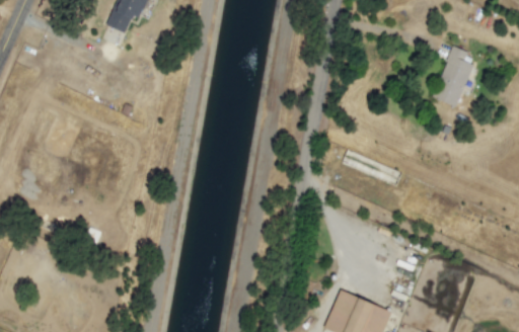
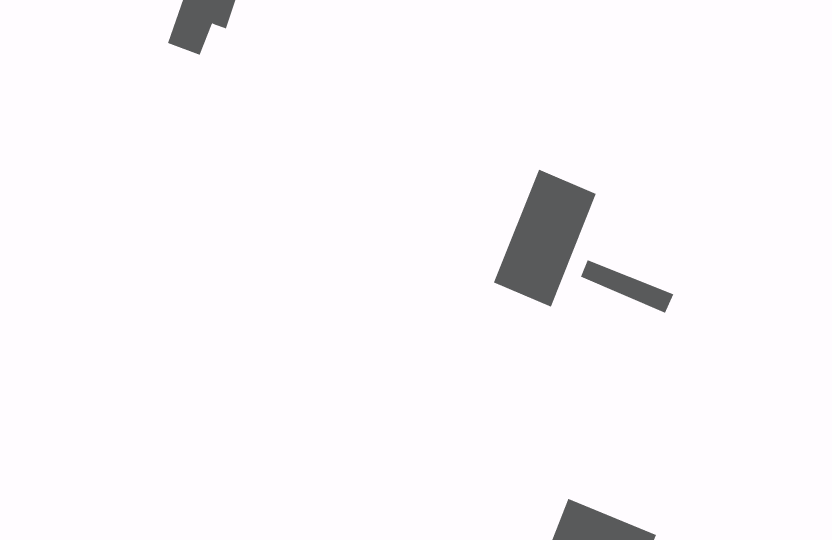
building: [434,47,472,106] -> none
building: none -> [493,169,597,308]

